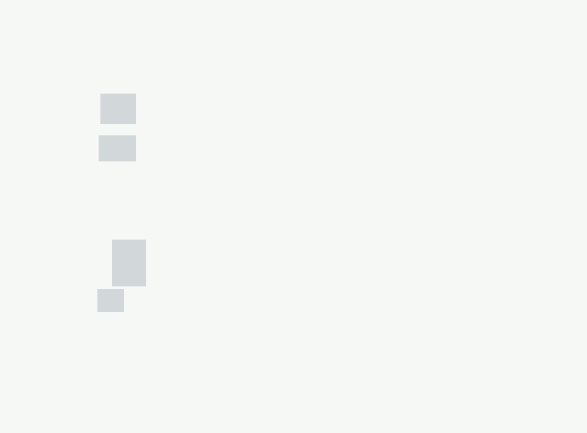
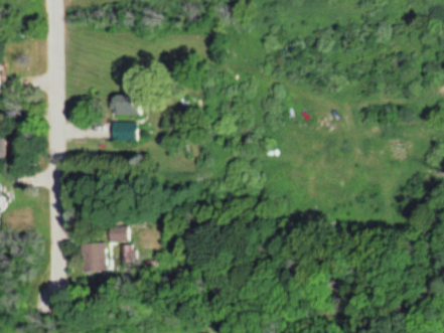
building: [111,239,147,287] -> [83,243,107,276]

